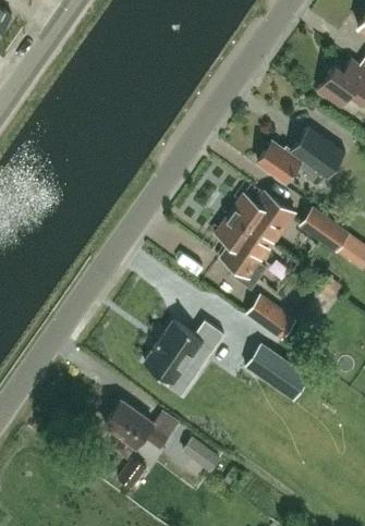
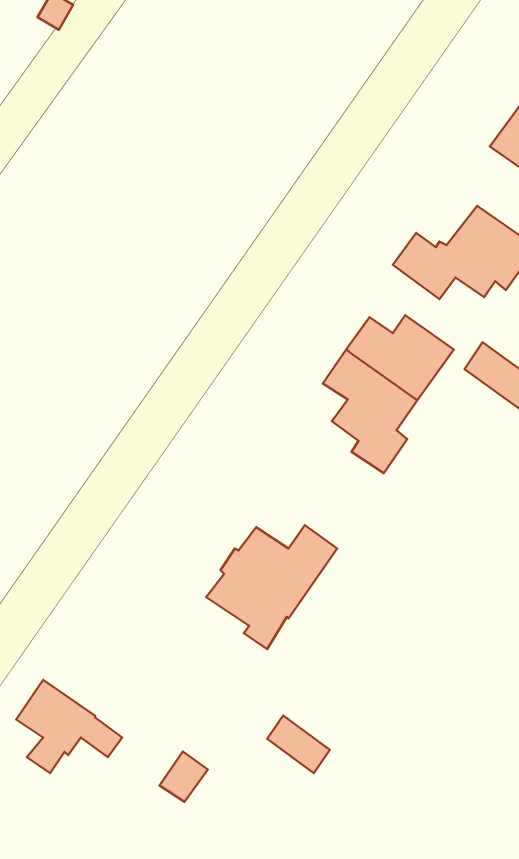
building: [247,295,296,338] -> none
building: [245,344,308,400] -> none
building: [105,401,169,457] -> [16,680,122,773]

